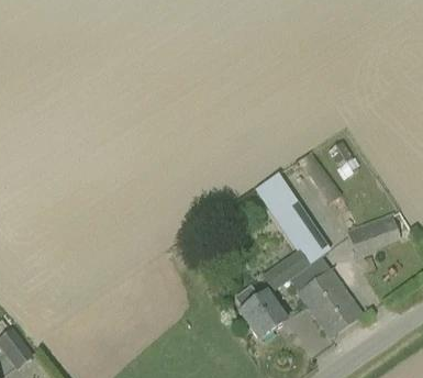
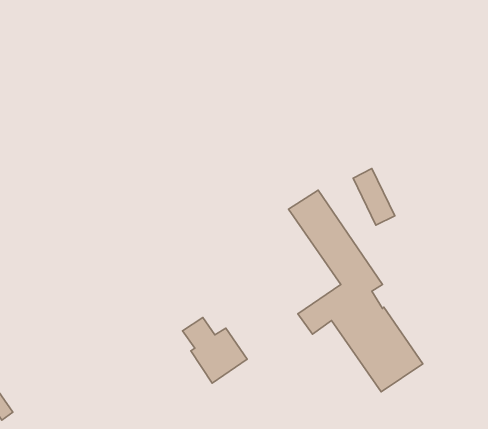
building: [347,214,401,255] -> none
building: [234,286,287,340] -> [183,317,247,383]

